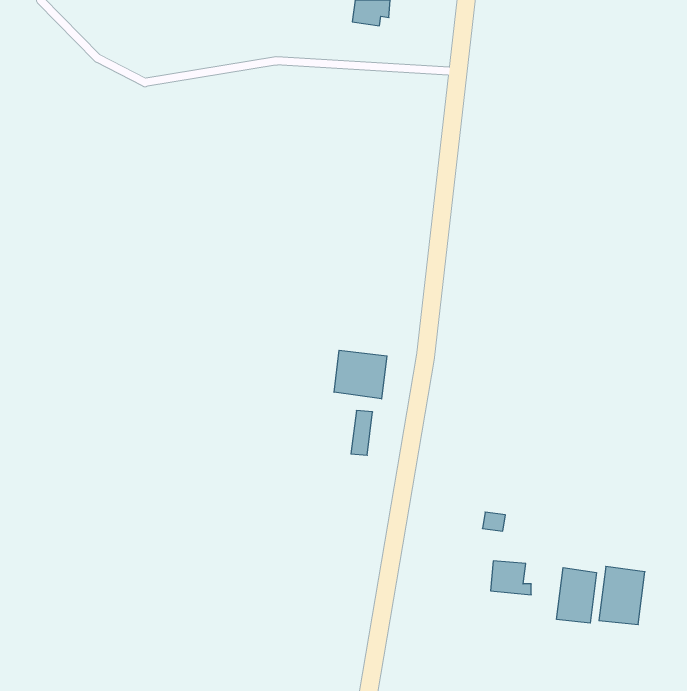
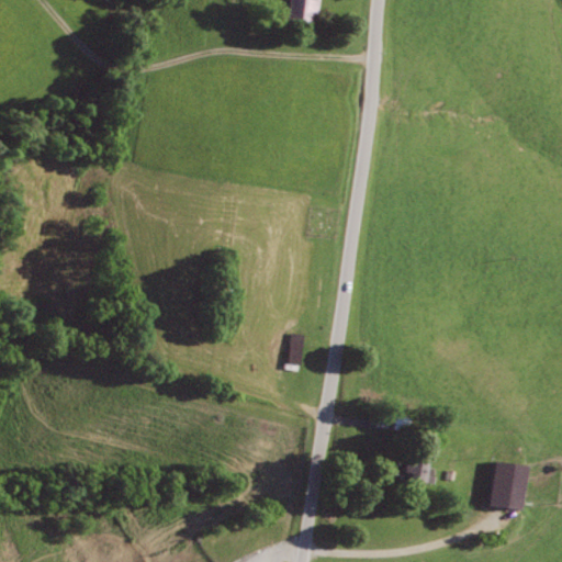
building: [334,350,387,399] -> none
building: [557,568,596,623] -> none

